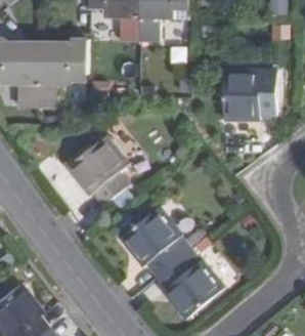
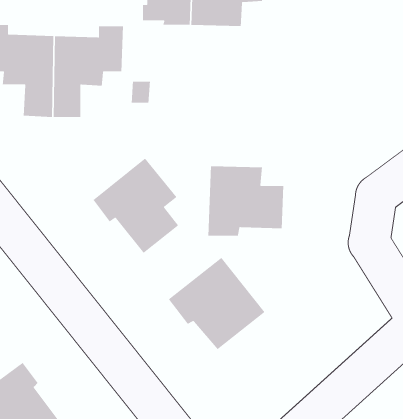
building: [223,69,278,120] -> [207,165,284,236]
building: [159,247,227,319] -> none

